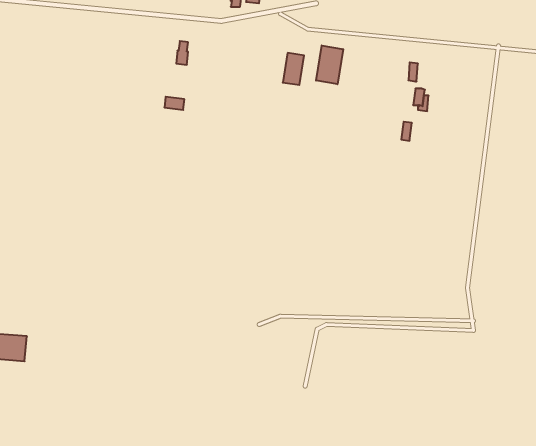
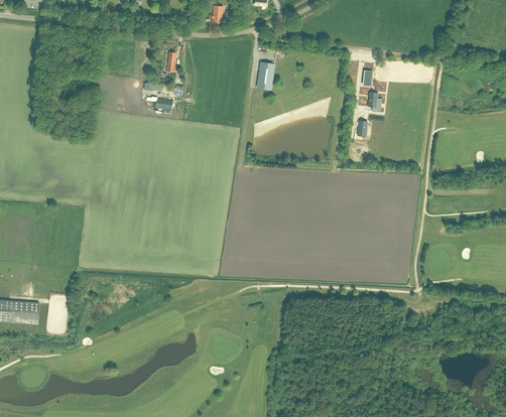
building: [316,45,343,84] -> none

